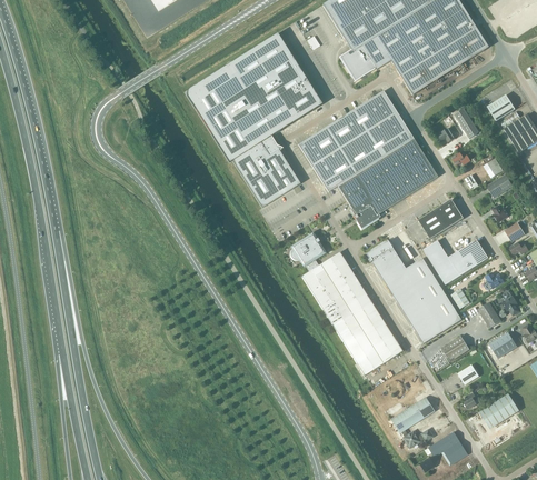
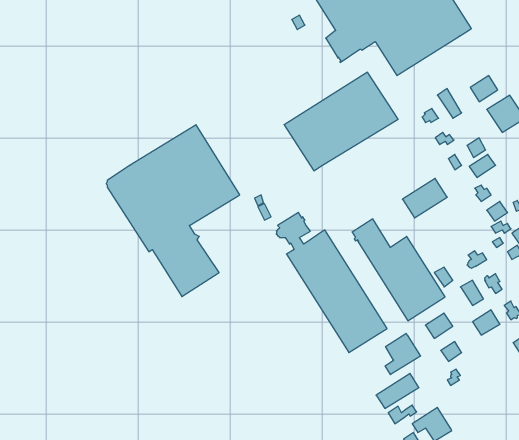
building: [186,32,321,207] -> [106,125,240,297]
building: [337,138,437,228] -> none
building: [422,238,488,284] -> none
building: none -> [385,333,421,375]
building: [479,392,518,428] -> none

